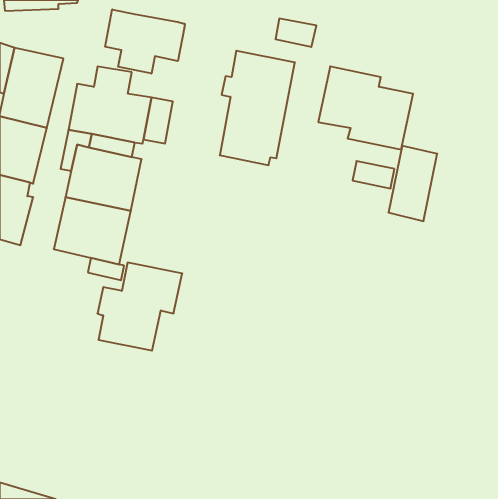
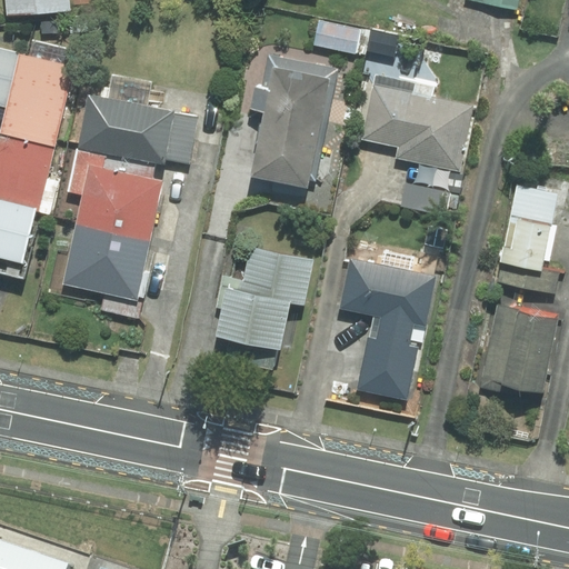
building: [105,9,185,74] -> none
building: [388,146,437,221] -> [500,186,556,271]
building: none -> [339,259,435,399]
building: [97,263,182,351] -> [216,248,312,348]
building: none -> [480,305,557,393]

